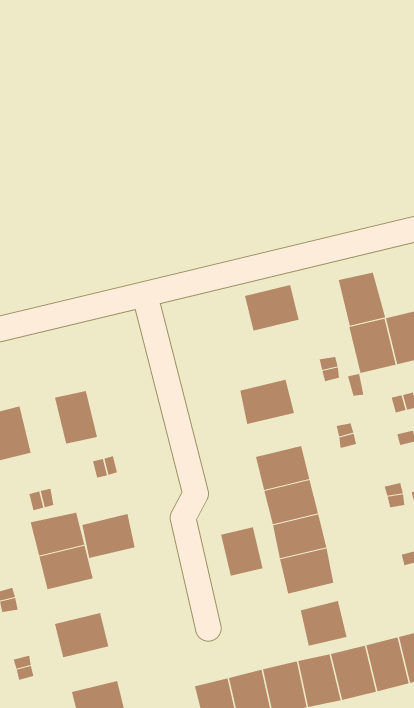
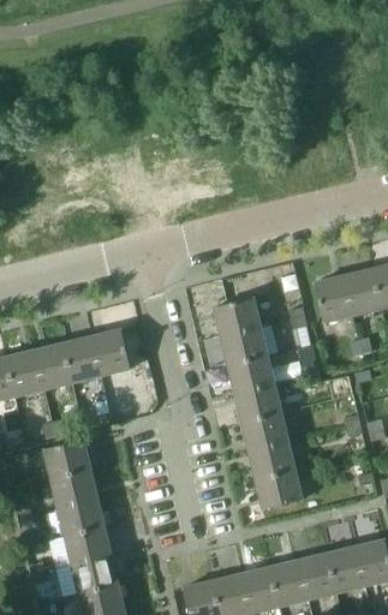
building: [338,272,386,327] -> none
building: [244,284,299,331] -> [214,297,261,336]
building: none -> [91,329,130,376]
building: none -> [35,342,73,389]
building: none -> [227,356,274,393]
building: [82,513,135,559] -> [58,496,103,535]
building: [220,527,263,576] -> none
building: [300,600,347,647] -> none
building: none -> [71,554,118,592]

